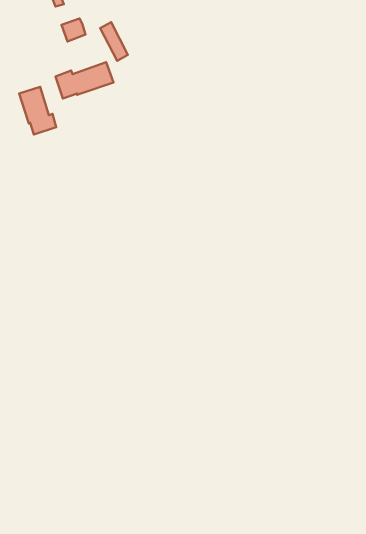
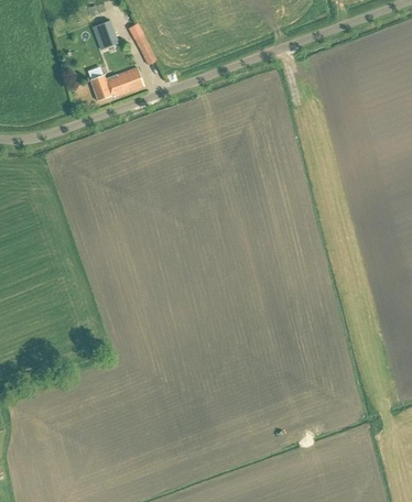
building: [19,87,56,135] -> none

